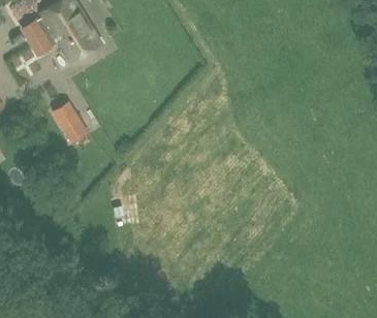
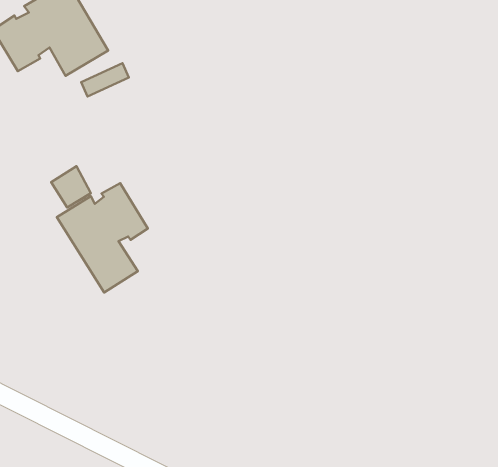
building: none -> [57,183,148,292]

